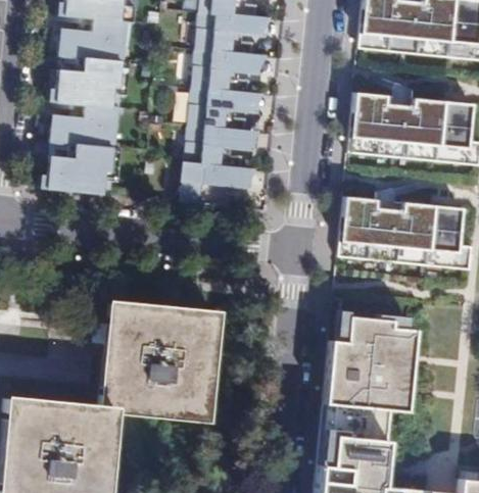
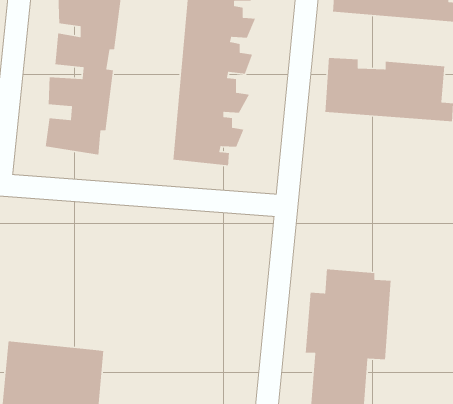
building: [334,199,470,268] -> none
building: [103,294,217,410] -> none

